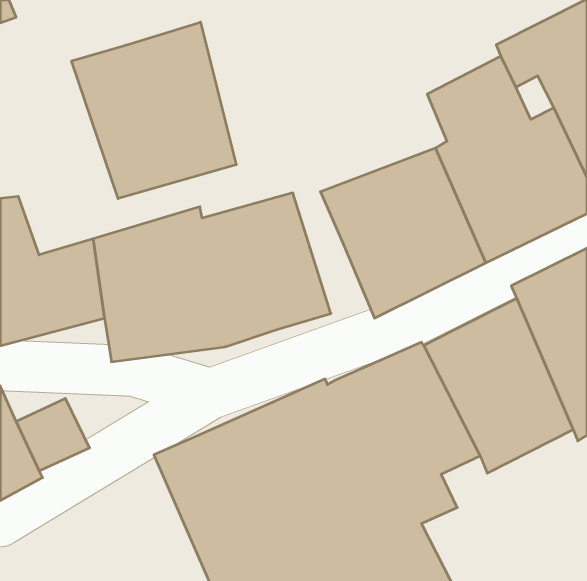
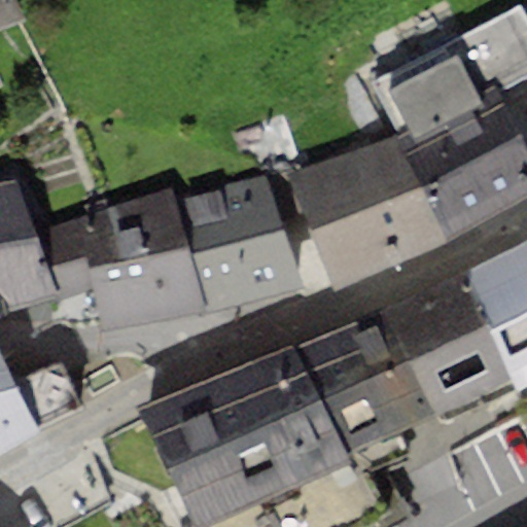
building: [72,22,236,199] -> none

